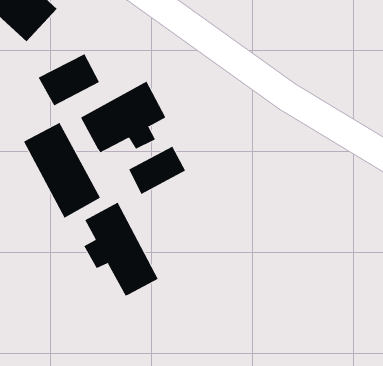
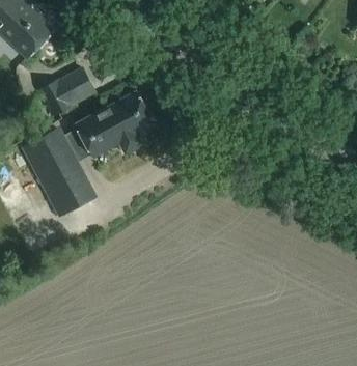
building: [129,146,186,195] -> none
building: [83,202,158,296] -> none

